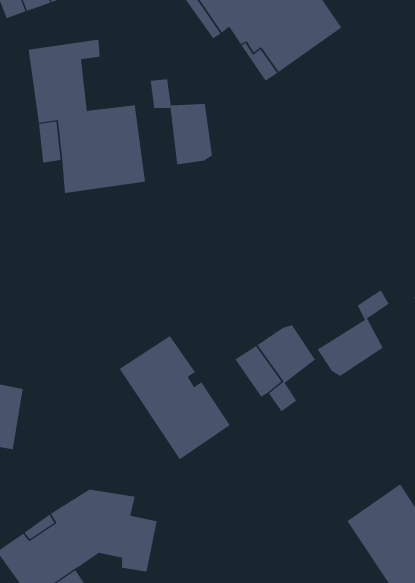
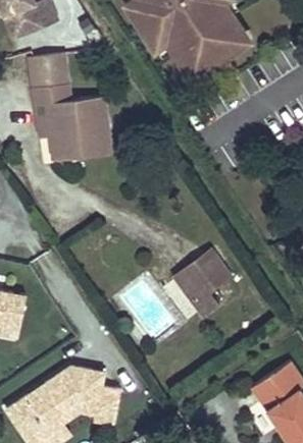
building: [150,79,213,165] -> none
building: [317,289,389,377] -> none
building: [119,335,230,460] -> none

